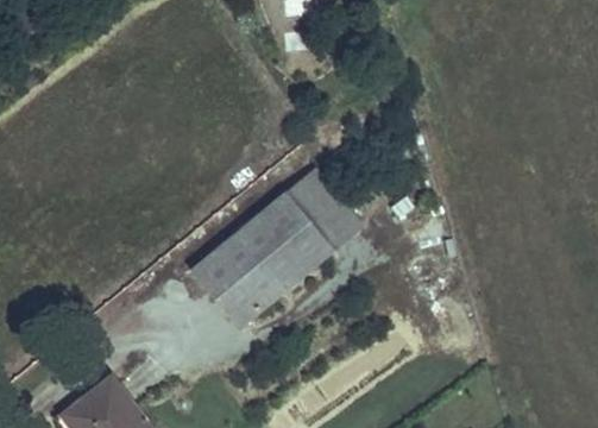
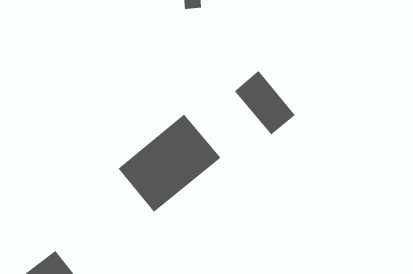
building: [282,165,365,253] -> [234,70,296,136]

